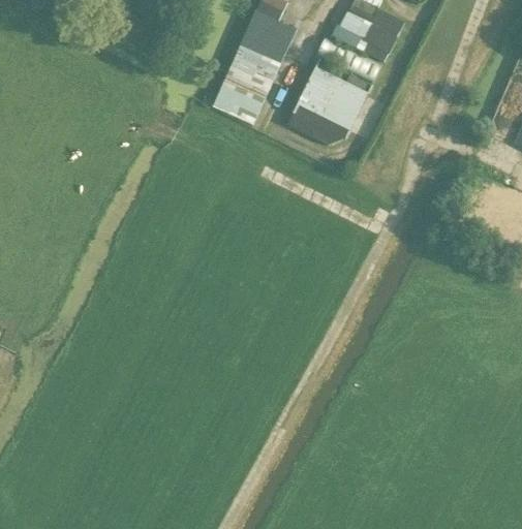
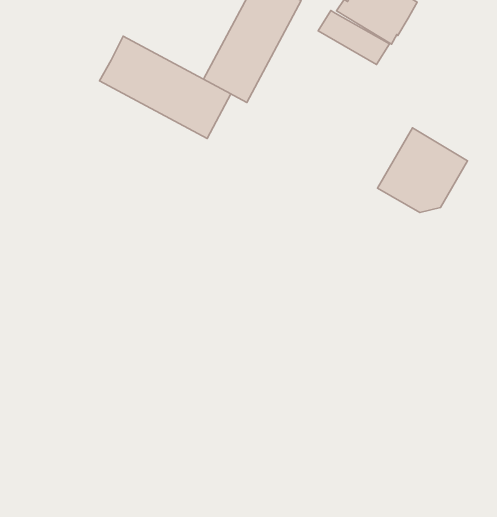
building: [287,66,368,144] -> [378,128,467,213]
building: none -> [99,36,231,139]

